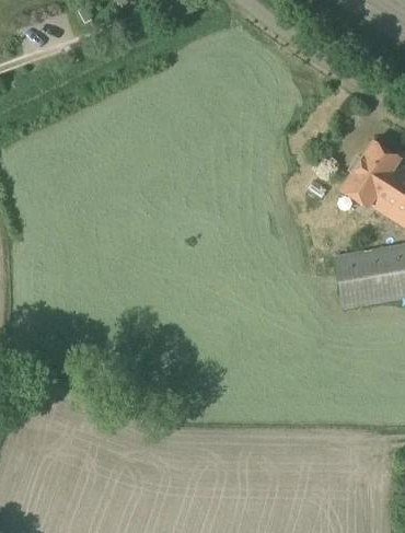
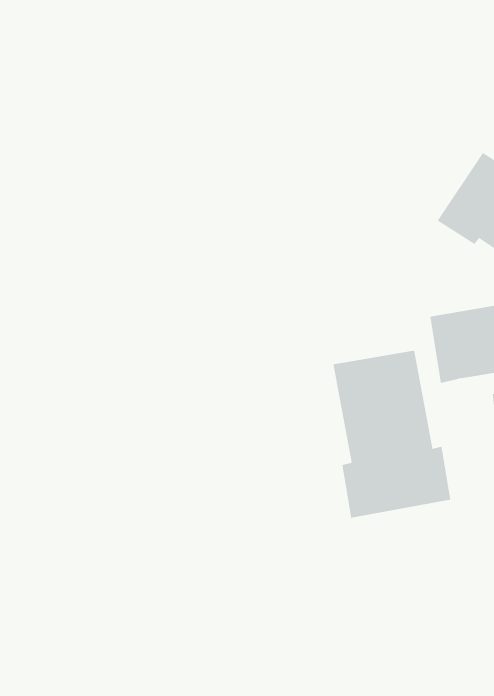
building: none -> [333,350,451,518]

